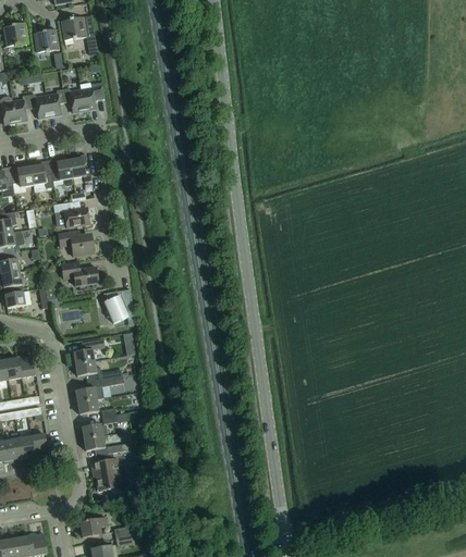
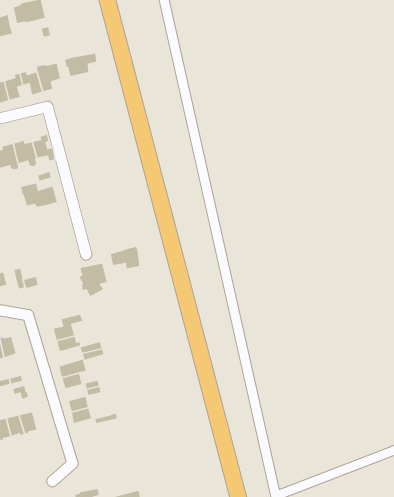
building: none -> [64,53,97,77]
building: [58,231,94,257] -> none
building: [61,262,98,287] -> none
building: none -> [110,246,140,269]
building: [91,450,136,494] -> none

